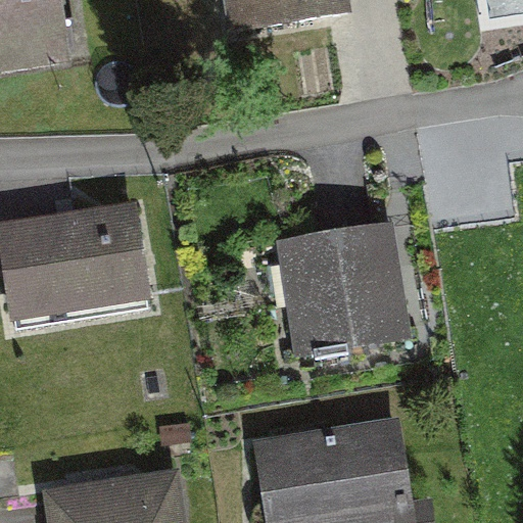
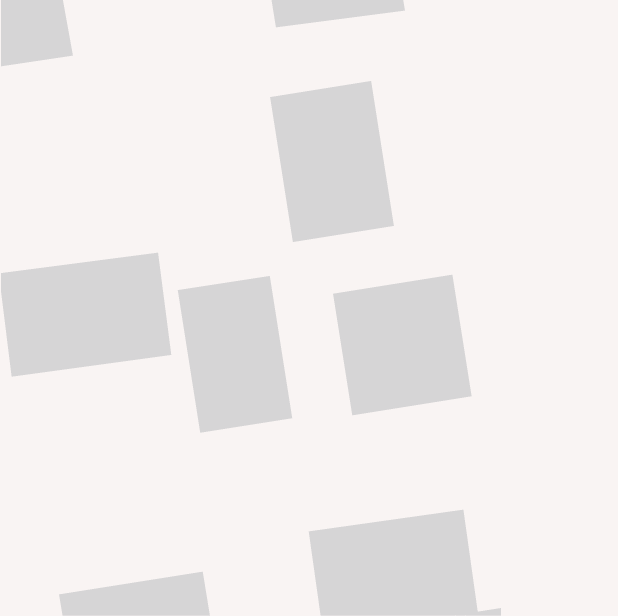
building: none -> [269,80,395,243]
building: none -> [177,275,293,433]

